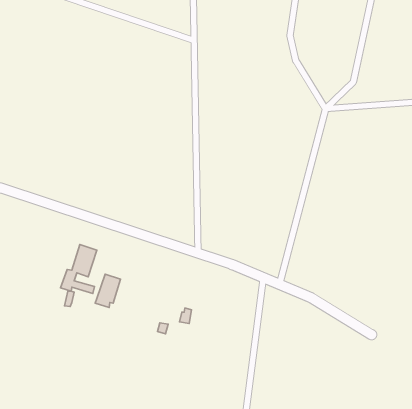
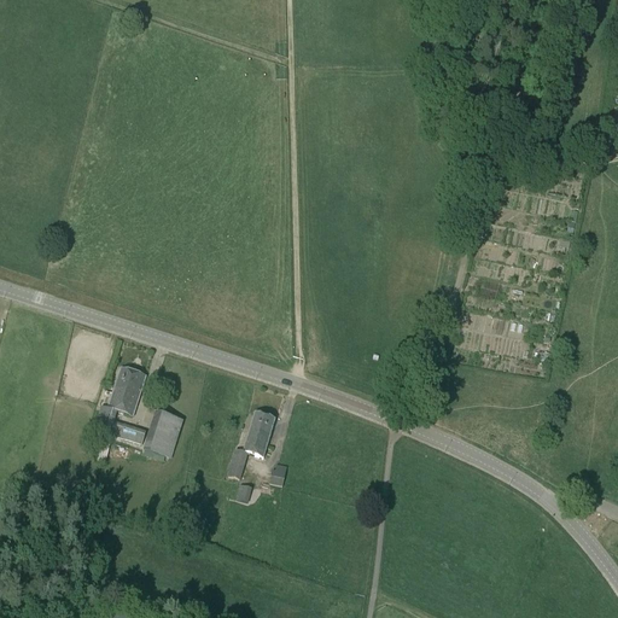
building: none -> [228,409,276,477]

